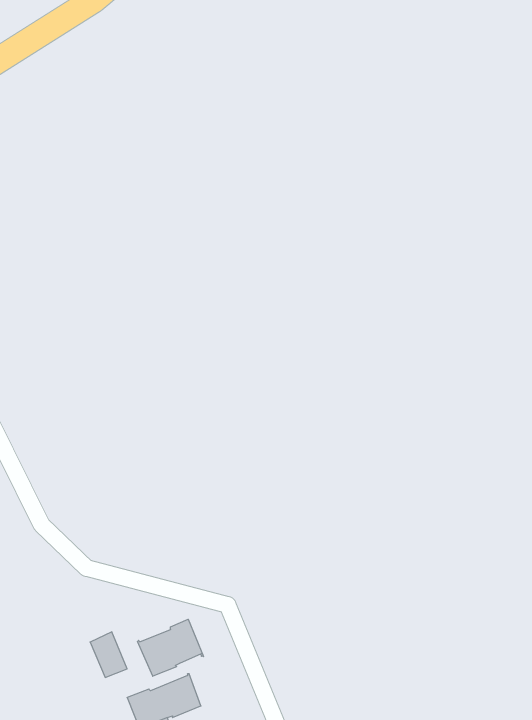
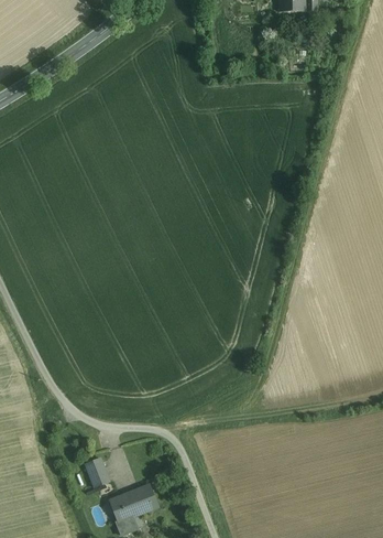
building: [138,619,203,676] -> none

